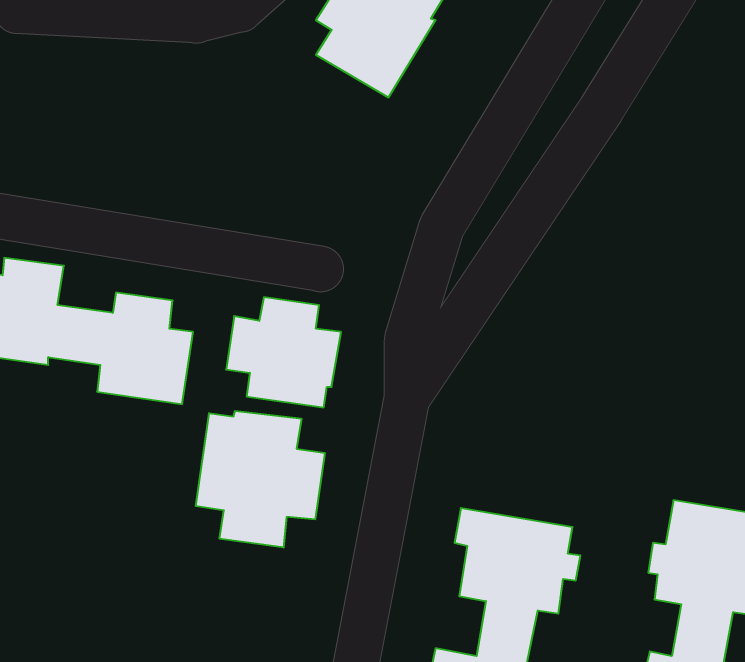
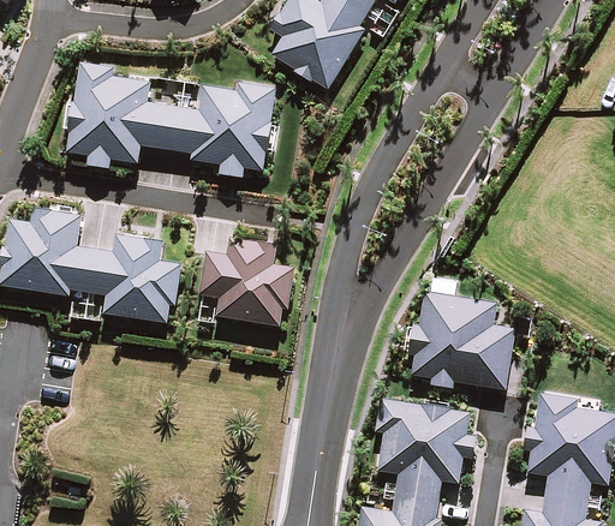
building: none -> [70,66,274,175]
building: none -> [407,294,515,390]
building: [196,411,325,548] -> none

